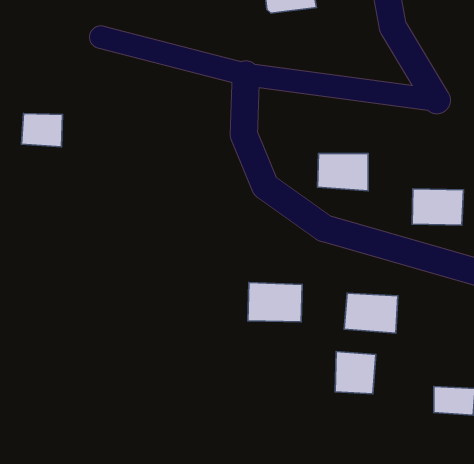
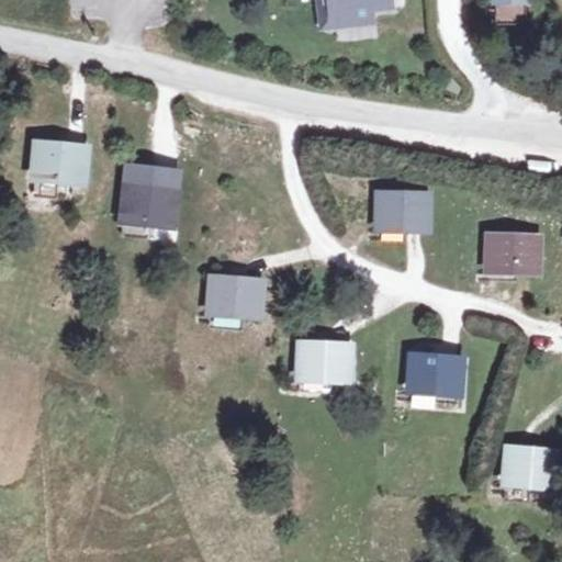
building: none -> [119,160,180,228]
building: none -> [202,272,263,322]
building: [335,352,376,394] -> none

